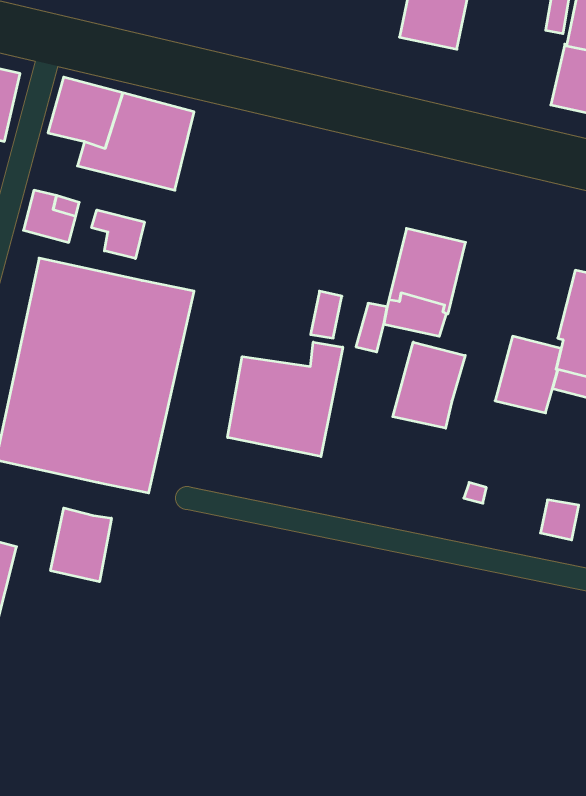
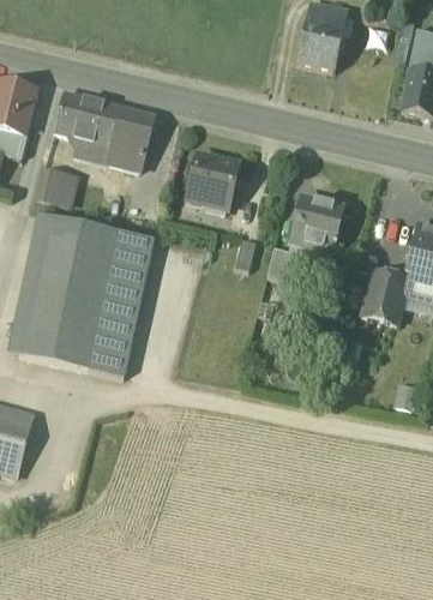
building: none -> [187,152,240,208]
building: [92,210,144,259] -> none
building: [393,342,465,428] -> none
building: [228,342,343,457] -> none
building: [51,508,111,582] -> none

